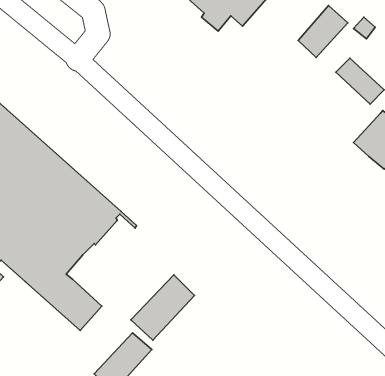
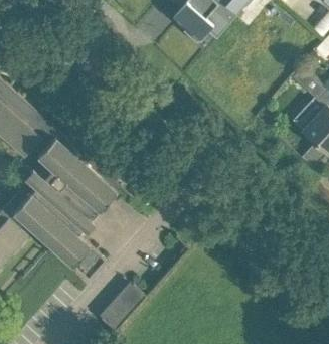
building: [298,6,348,58] -> none
building: [131,275,194,340] -> none

